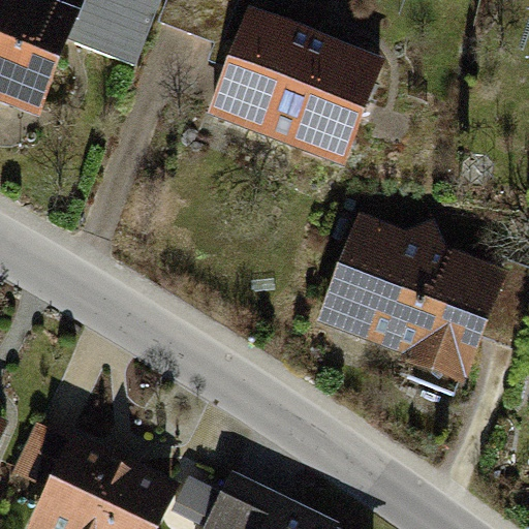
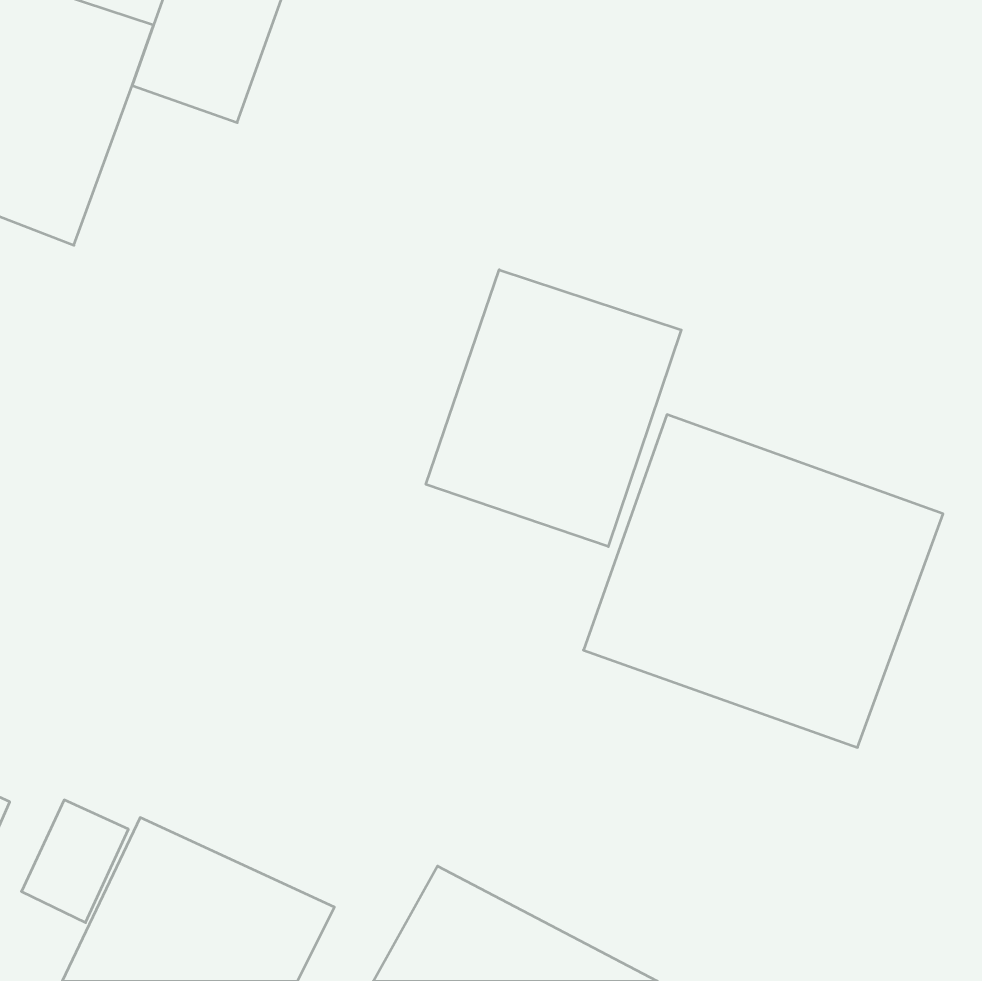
building: [209,12,380,161] -> none
building: none -> [426,270,681,547]

